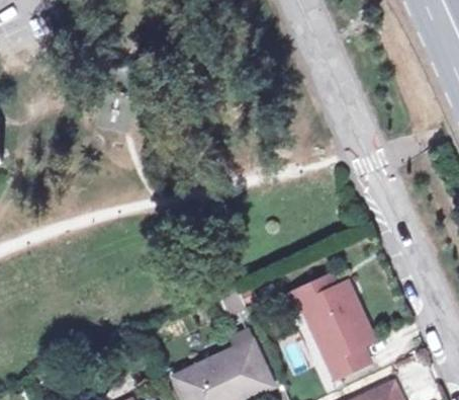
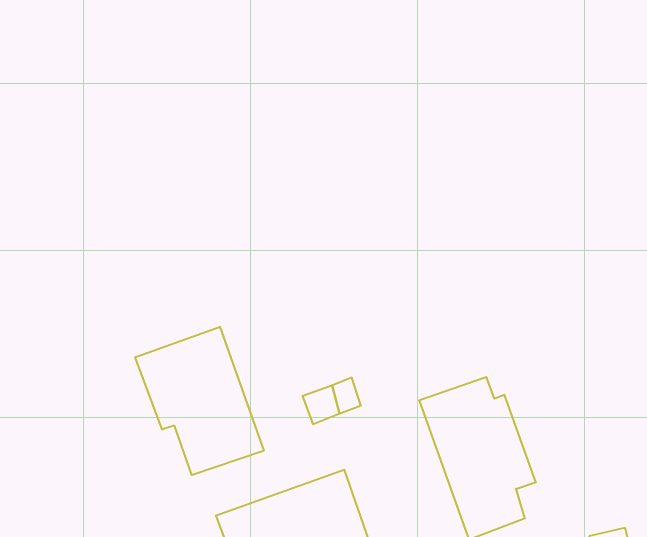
building: none -> [135,327,264,475]

